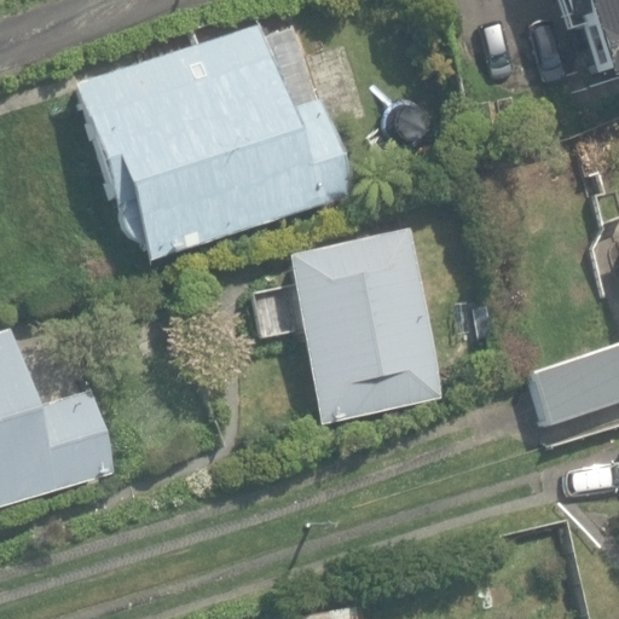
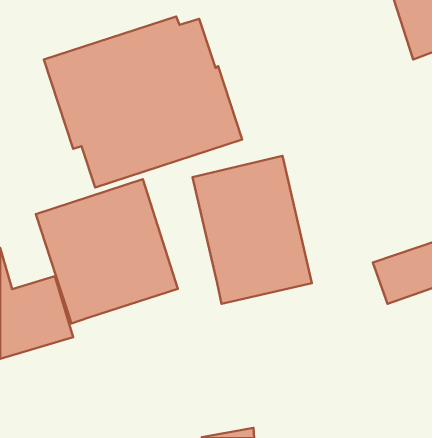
building: none -> [36,179,178,324]

